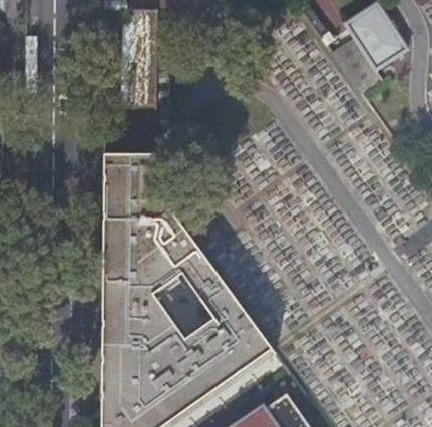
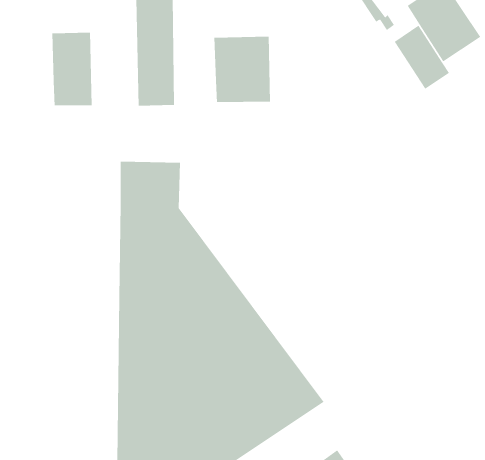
building: none -> [52,32,92,106]
building: none -> [214,36,271,103]

